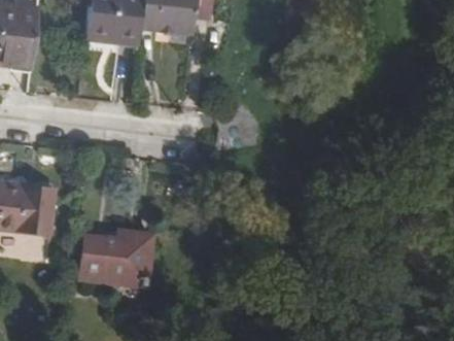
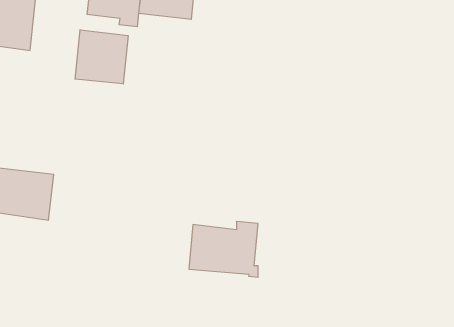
building: none -> [75,30,128,84]
building: [80,232,149,287] -> [189,221,258,277]

